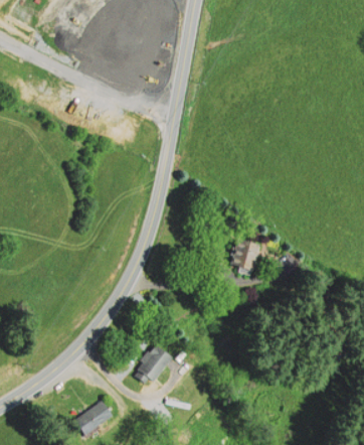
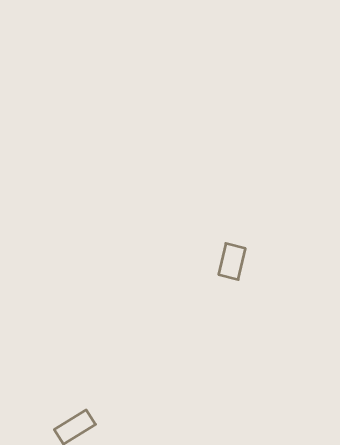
building: [137,346,173,386] -> none

